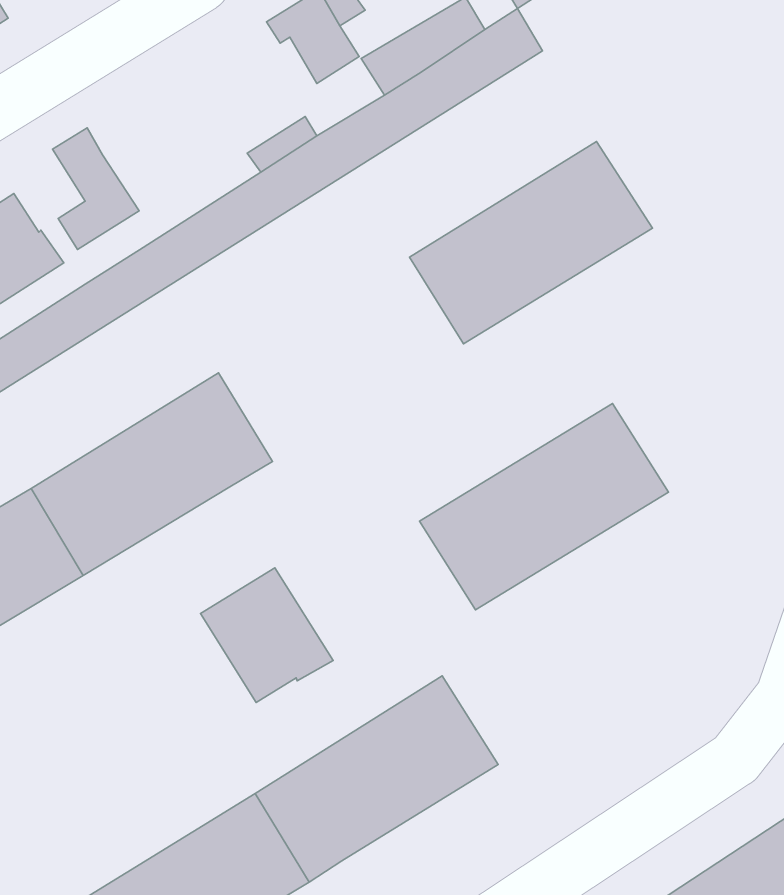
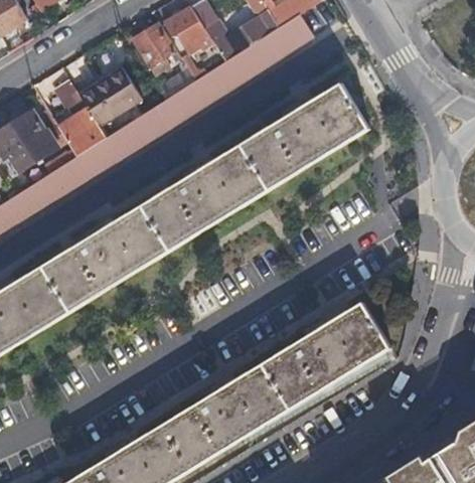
building: none -> [133,23,180,73]
building: none -> [82,63,146,124]
building: none -> [142,144,270,251]
building: [420,404,668,610] -> [259,301,388,409]
building: [201,568,333,703] -> none

